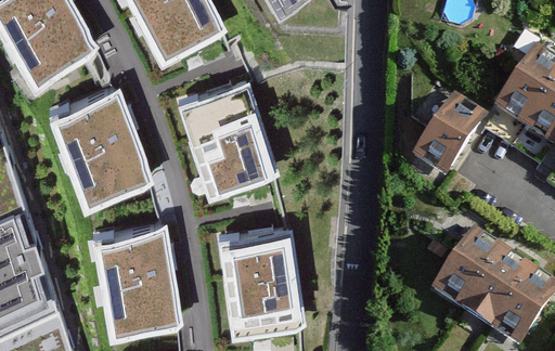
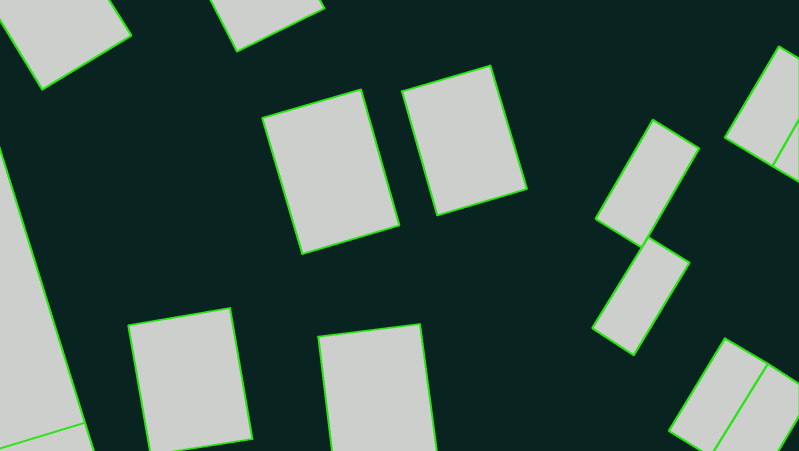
building: none -> [402,65,527,215]
building: [50,91,149,204] -> none
building: [430,234,496,314] -> [592,237,690,355]

